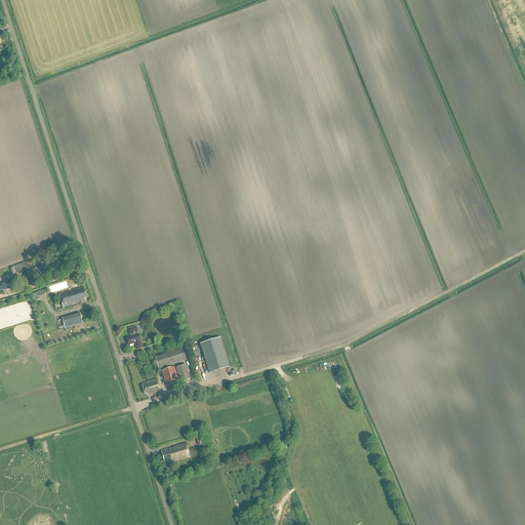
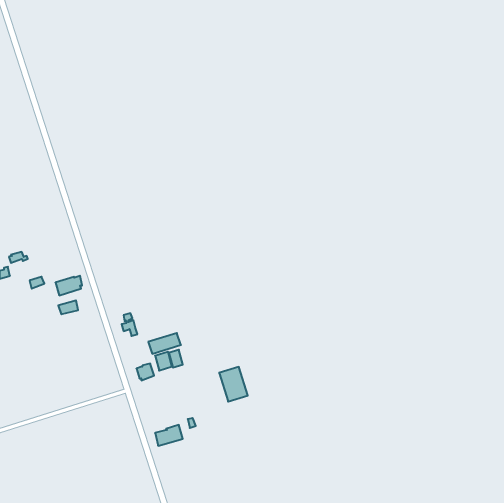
building: [199,336,229,372] -> [219,367,248,402]

